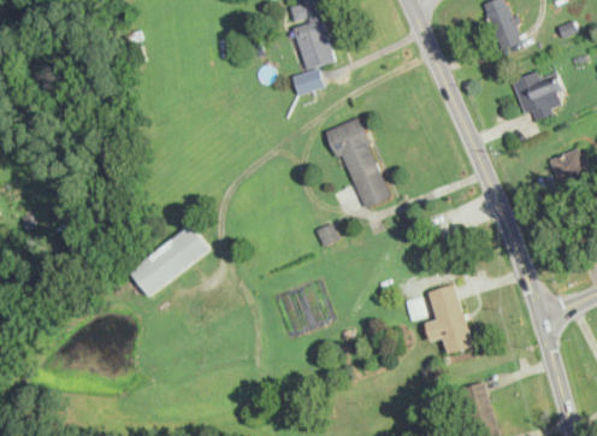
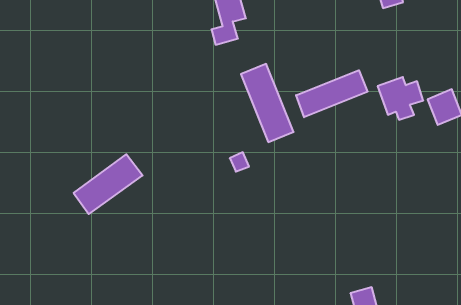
building: [510,70,565,120] -> [378,77,423,120]
building: none -> [296,70,368,117]
building: [422,284,472,354] -> none

